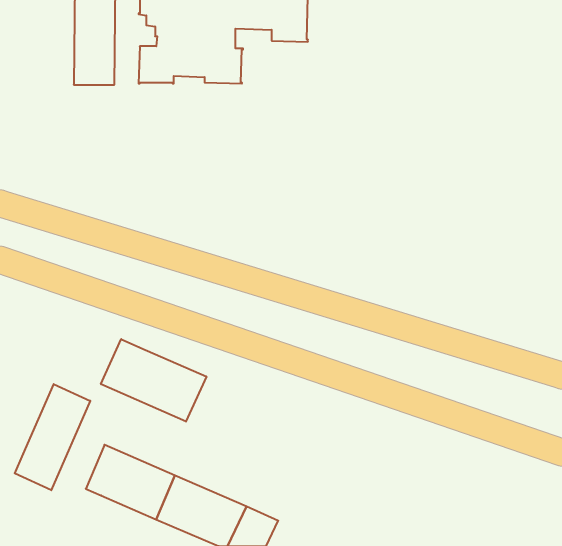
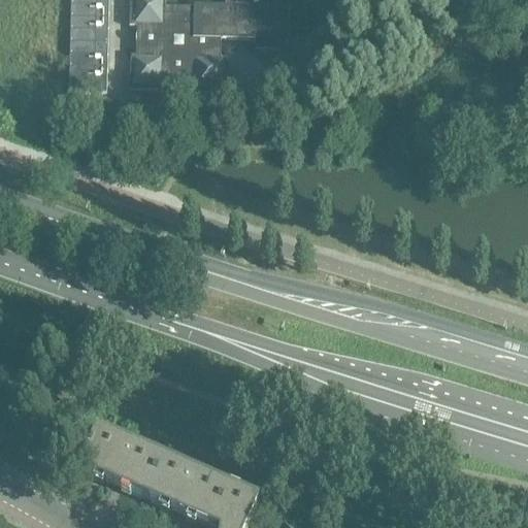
building: [101,339,206,422] -> none
building: [15,384,90,490] -> none

